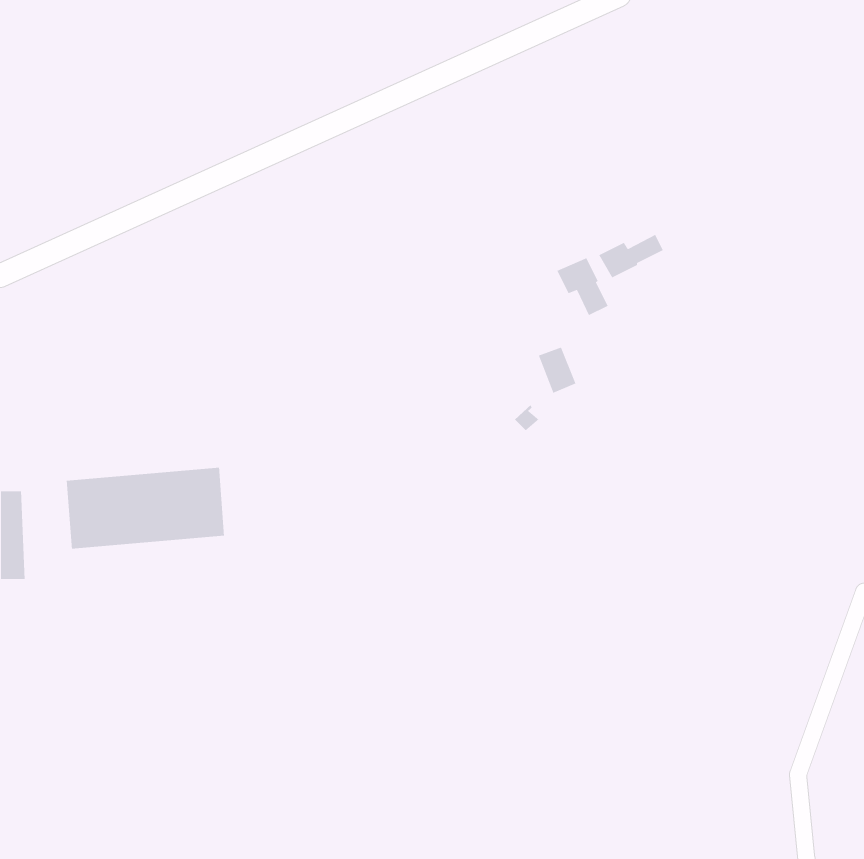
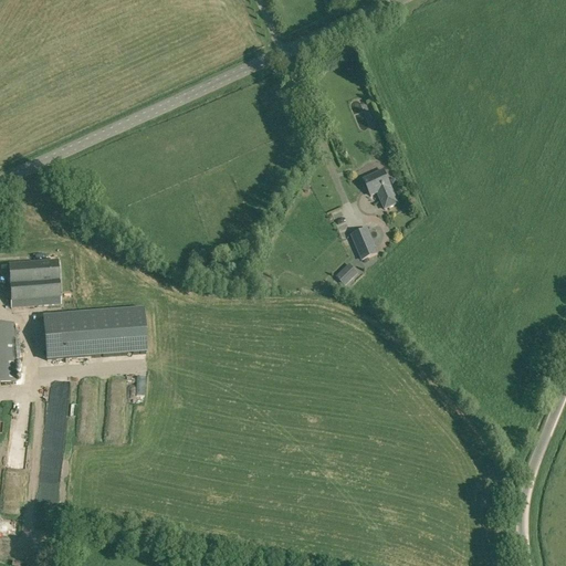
building: [598,234,664,278] -> none
building: none -> [9,259,61,305]

